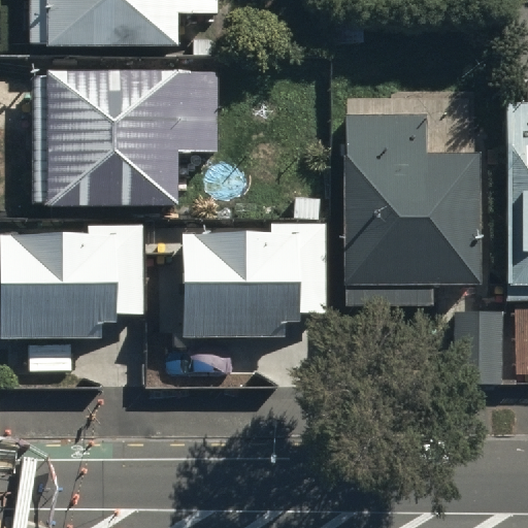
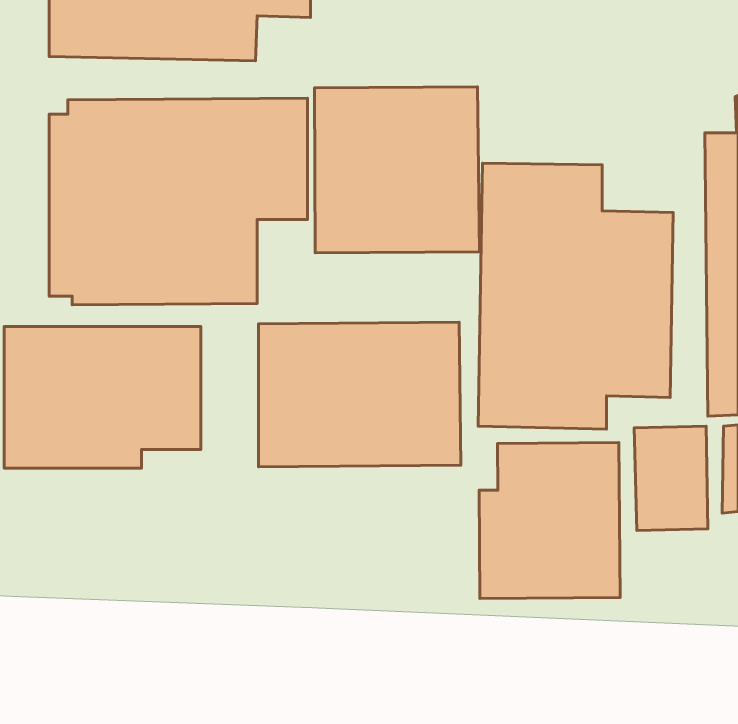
building: none -> [315,87,479,253]
building: none -> [479,443,620,598]

